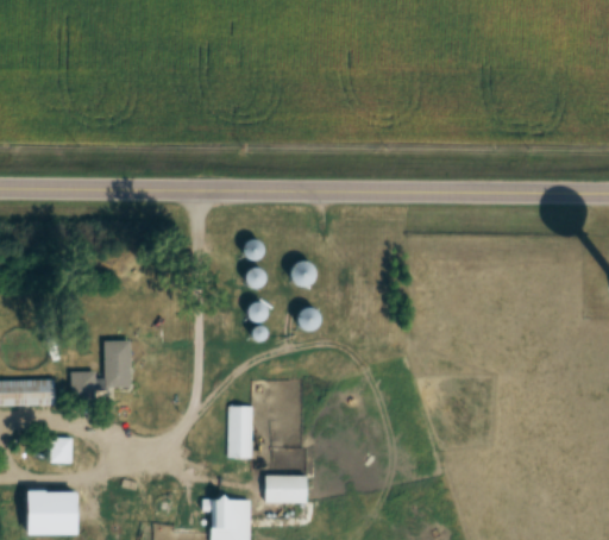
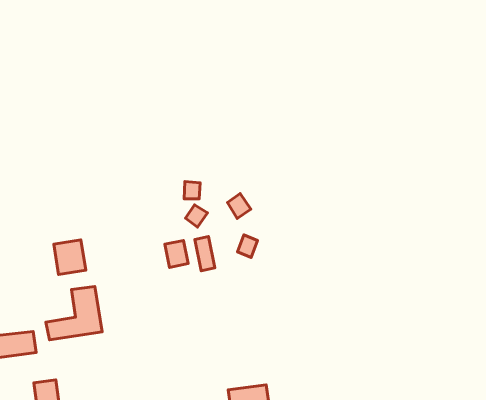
building: none -> [54,240,86,274]
building: none -> [165,240,188,267]
building: [230,406,253,459] -> none

